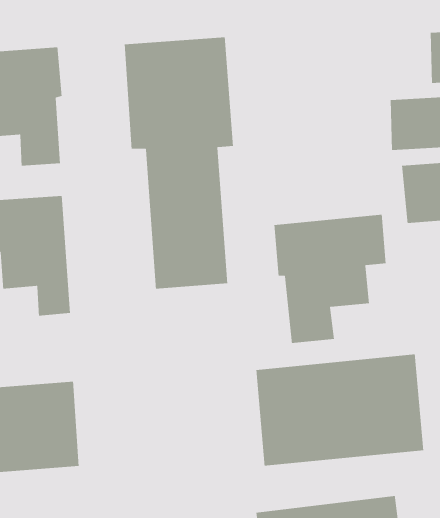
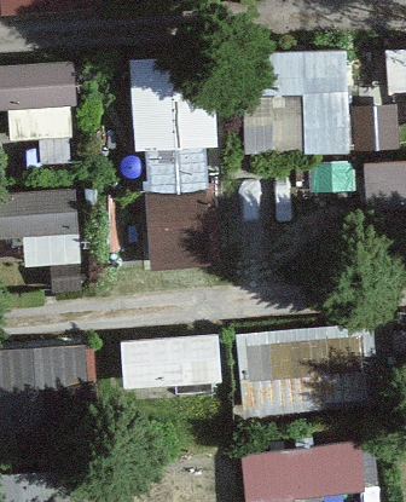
building: none -> [239,51,347,154]
building: [273,214,386,344] -> none
building: none -> [118,333,221,390]

